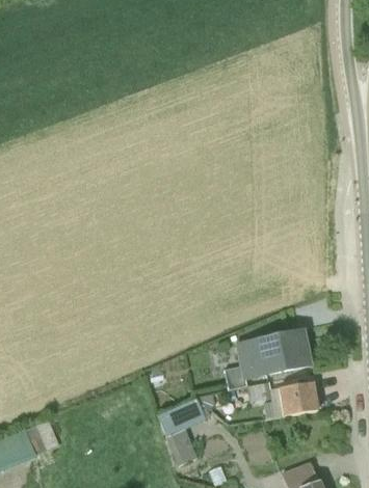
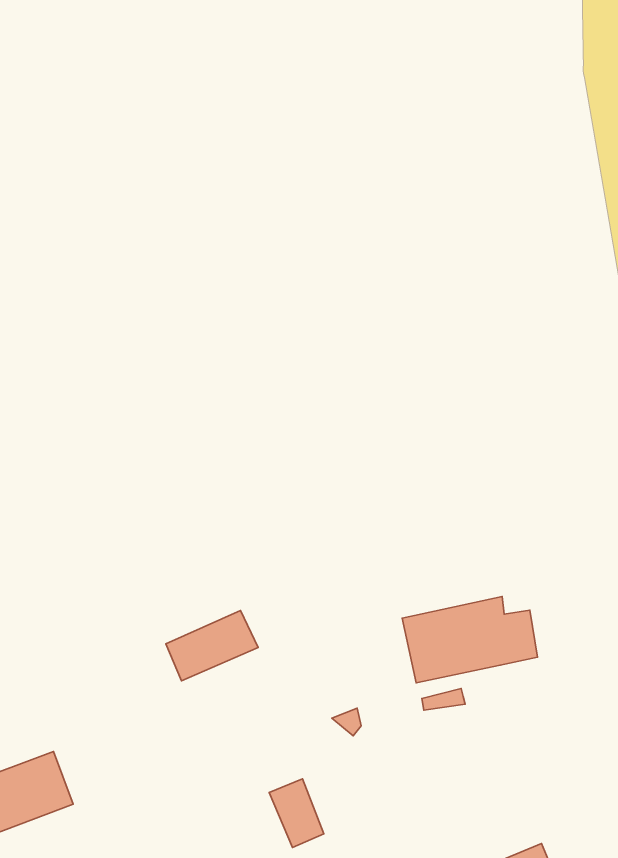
building: [282,382,317,415] -> none
building: [157,398,206,435] -> [166,610,258,681]

